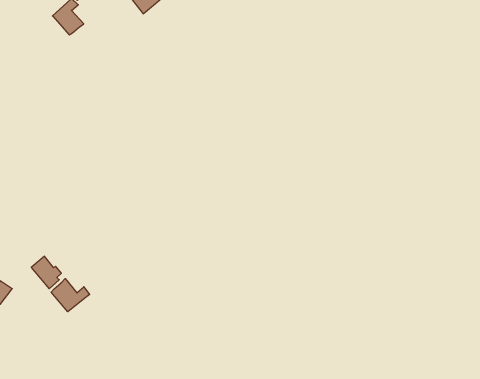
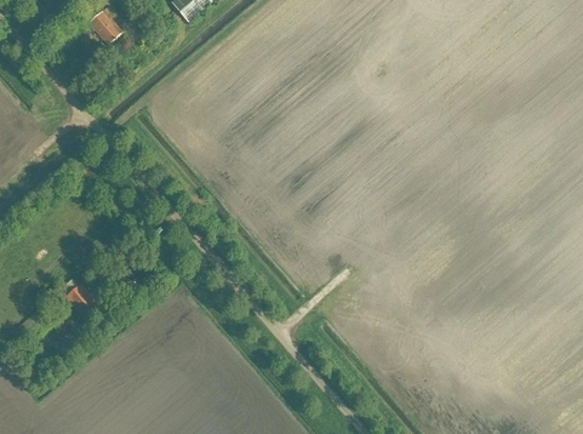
building: [51,279,90,312] -> none

